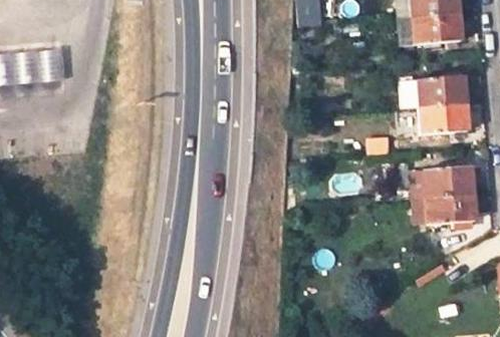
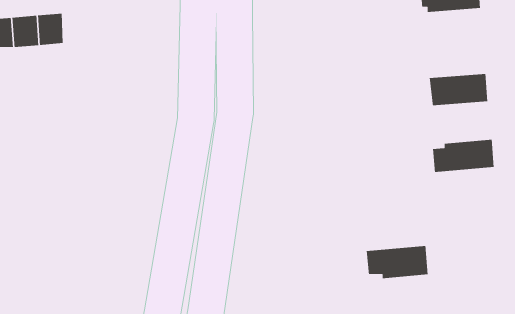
building: [404,75,467,108] -> none
building: [418,193,477,225] -> [366,245,428,279]

